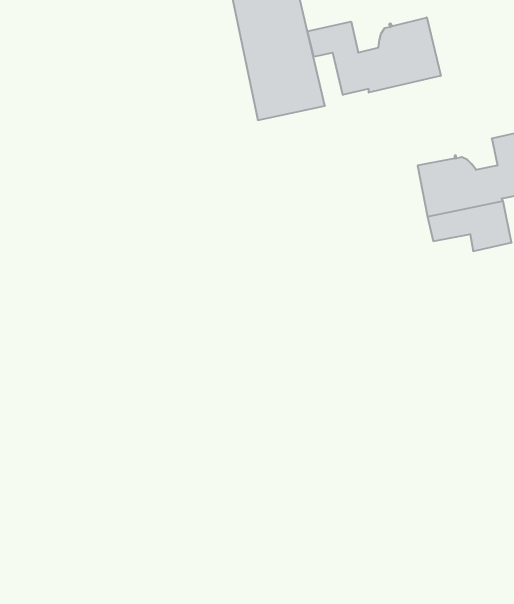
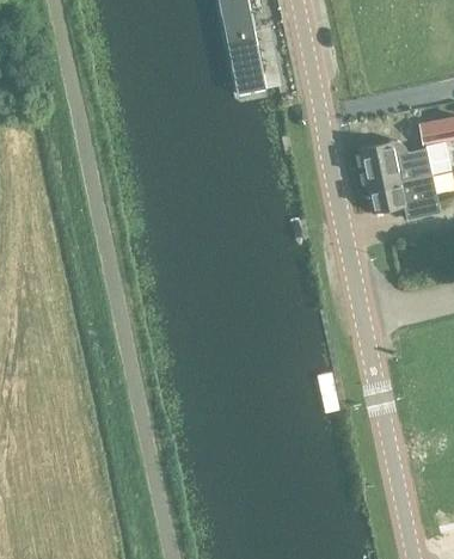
building: [307,17,441,95] -> none

